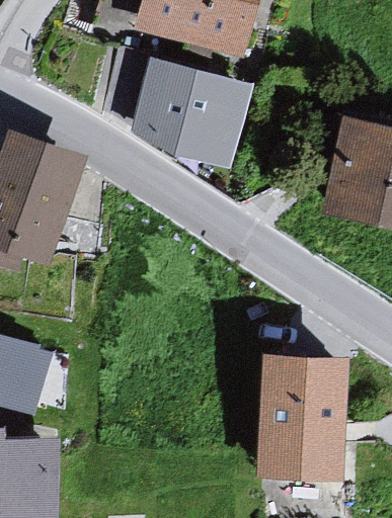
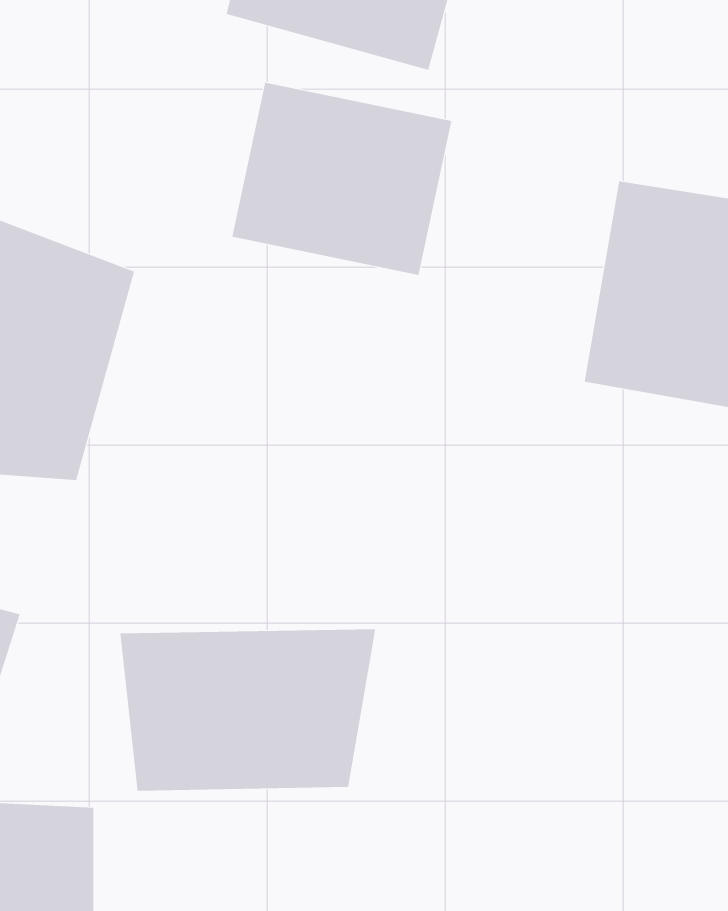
building: none -> [120,628,376,792]
building: [252,355,342,479] -> none

